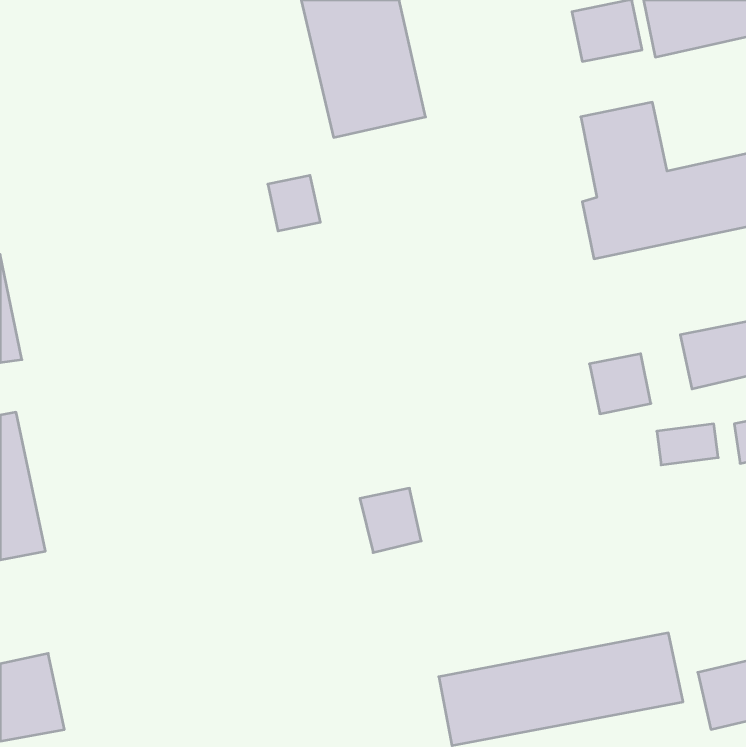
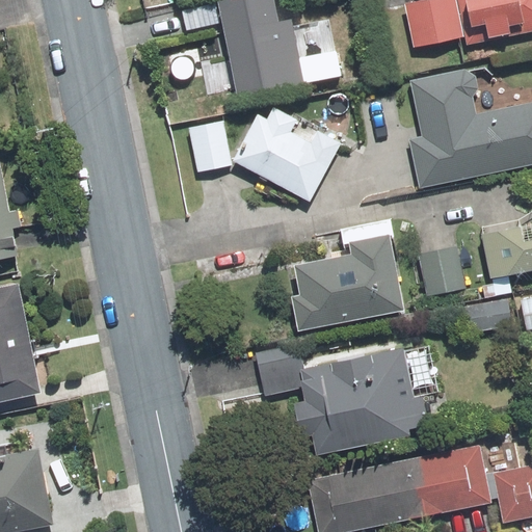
building: none -> [236,113,336,194]
building: none -> [294,238,399,327]
building: none -> [295,351,423,453]

